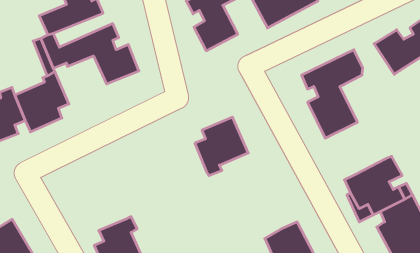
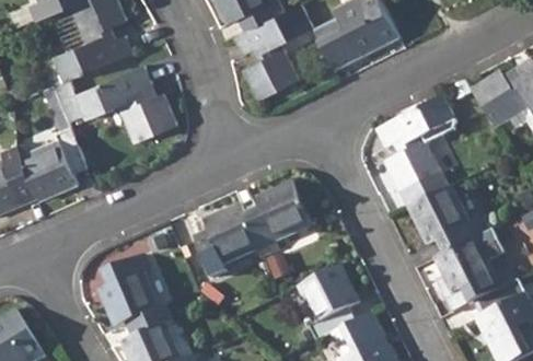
building: none -> [408,187,484,255]
building: none -> [194,205,259,278]
building: none -> [96,256,159,330]
building: none -> [298,266,360,342]

